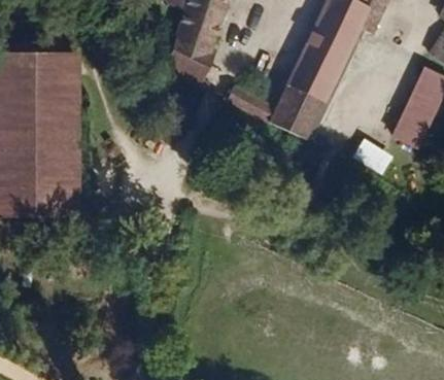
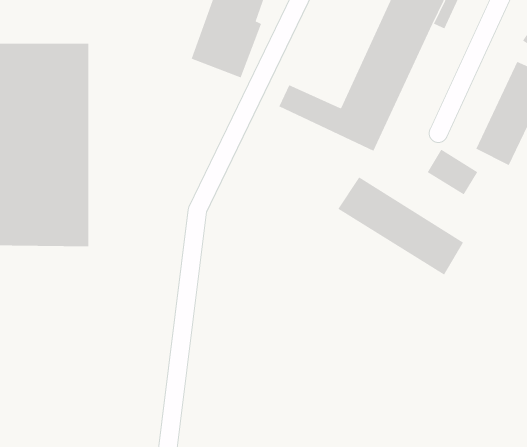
building: none -> [337,177,464,276]

